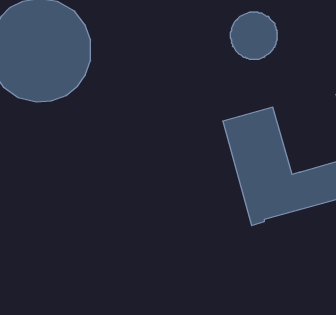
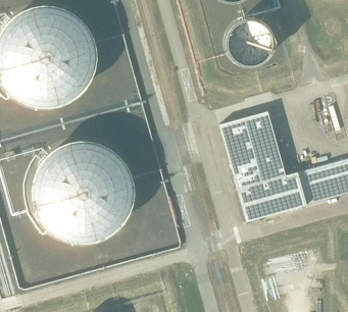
building: none -> [34,142,132,241]

